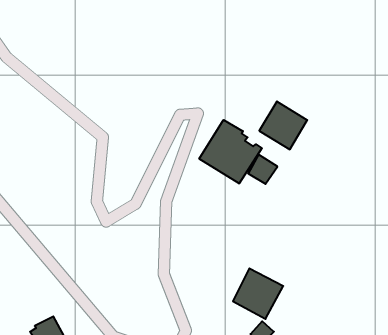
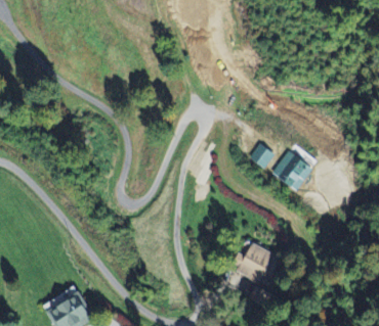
building: [259,101,307,149] -> [270,149,312,191]
building: [199,120,262,184] -> none

